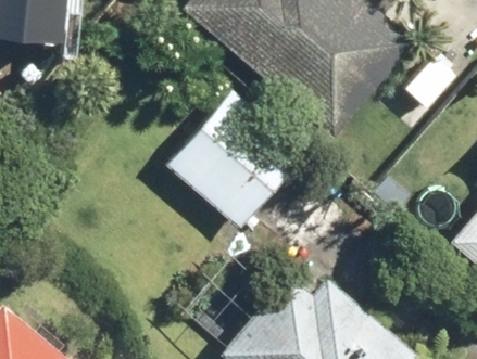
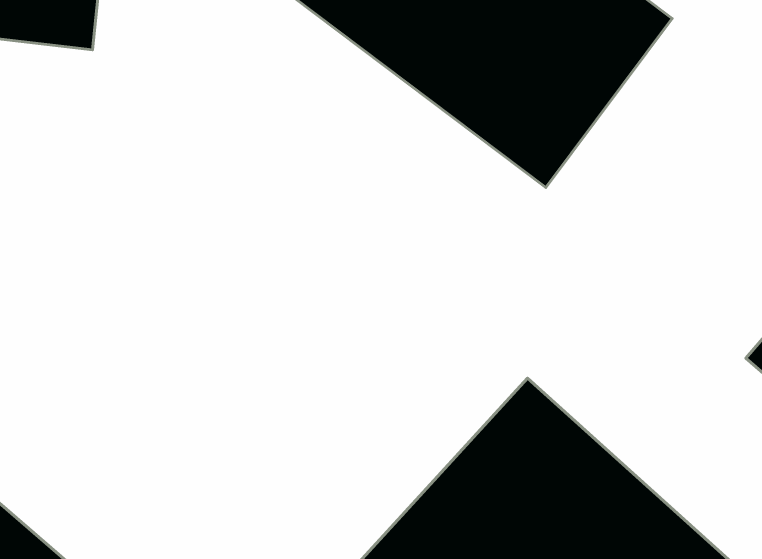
building: [168,91,305,227] -> none

